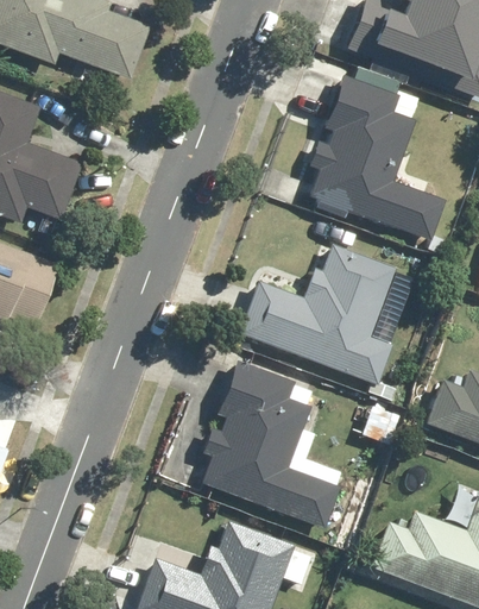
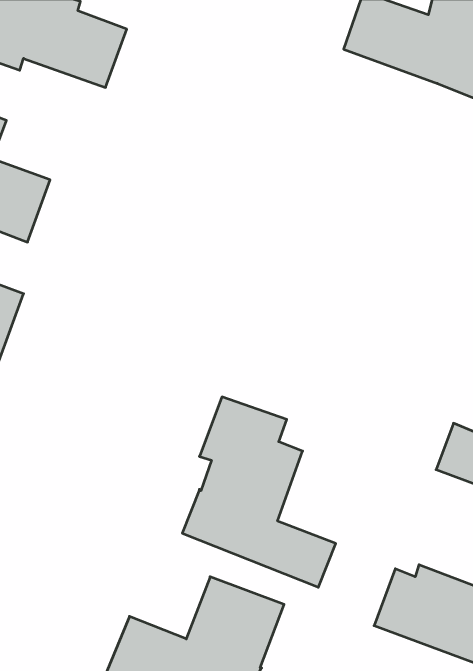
building: [308,77,446,239] -> none
building: [240,243,395,384] -> none

